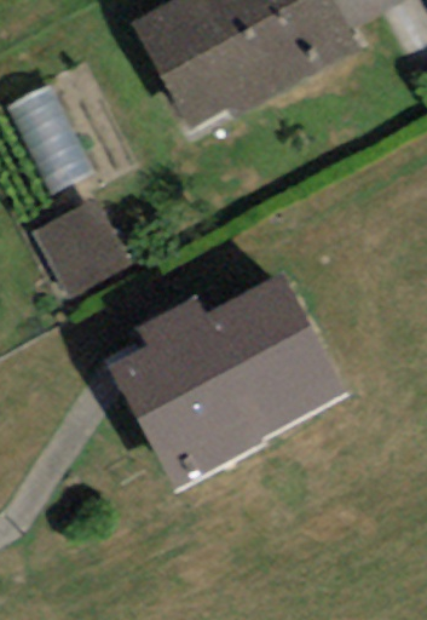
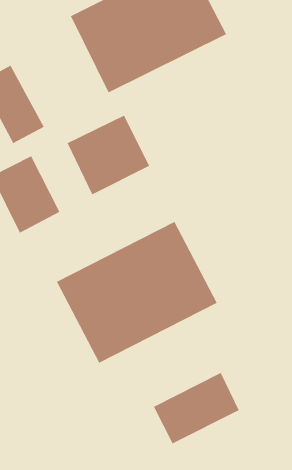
building: none -> [67,115,150,195]
building: none -> [153,372,240,444]

